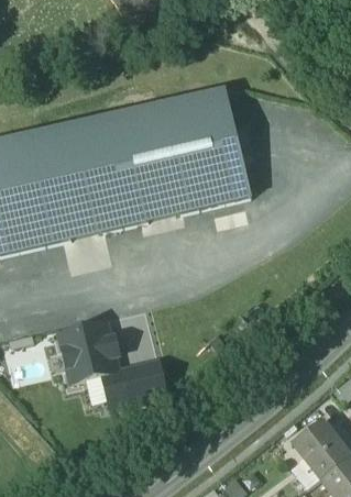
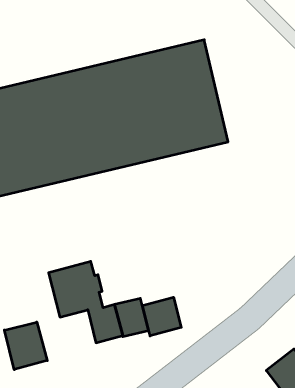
building: none -> [142,297,181,336]
building: none -> [4,322,47,370]

